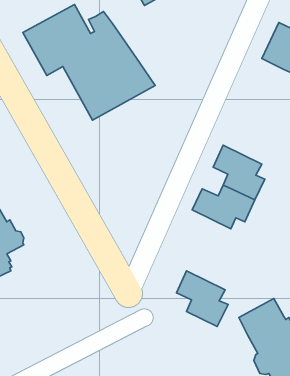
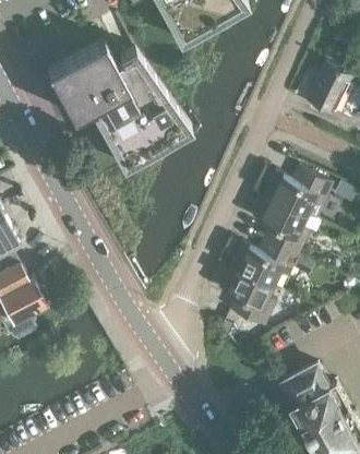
building: none -> [263,166,332,219]
building: [176,271,228,327] -> [218,265,275,326]

